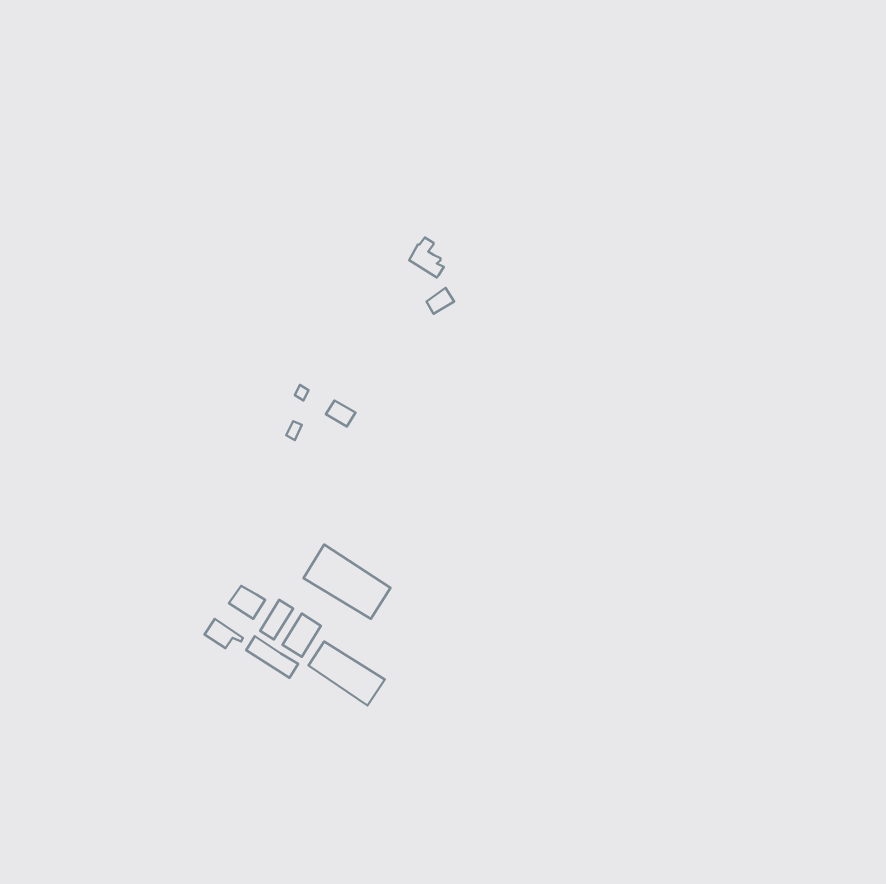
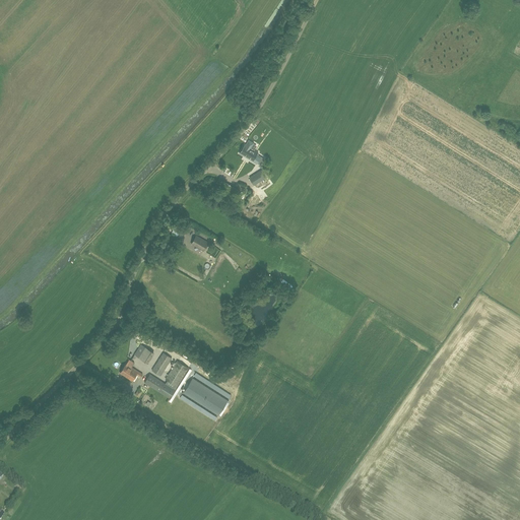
building: [304,545,390,619] -> none

